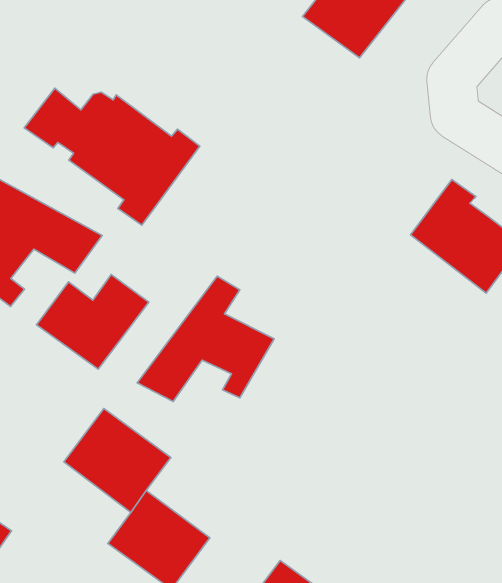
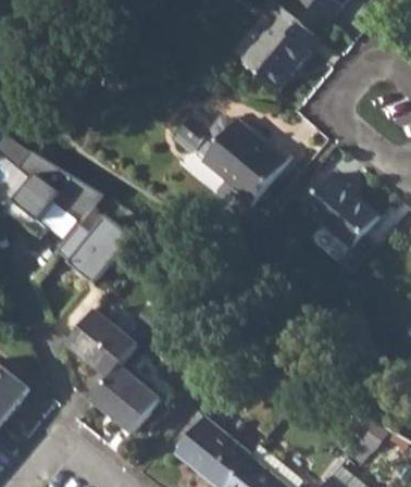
building: [24,88,200,225] -> [174,112,289,205]
building: [137,276,274,402] -> none

